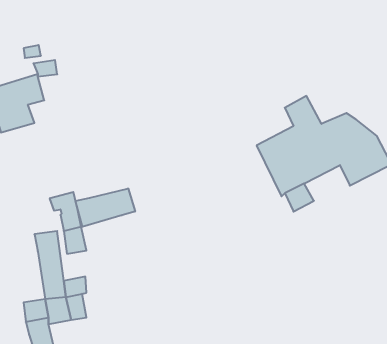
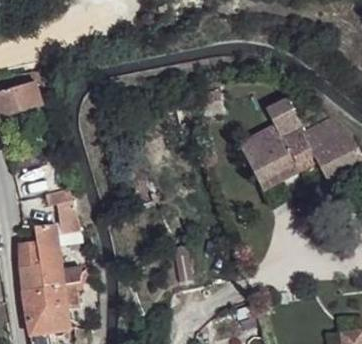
building: [75,188,135,227] -> none
building: none -> [19,242,43,289]

